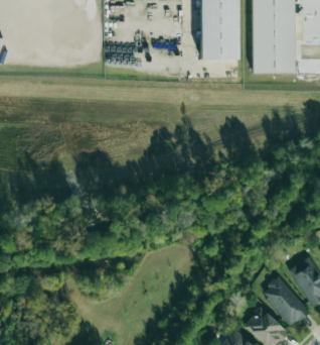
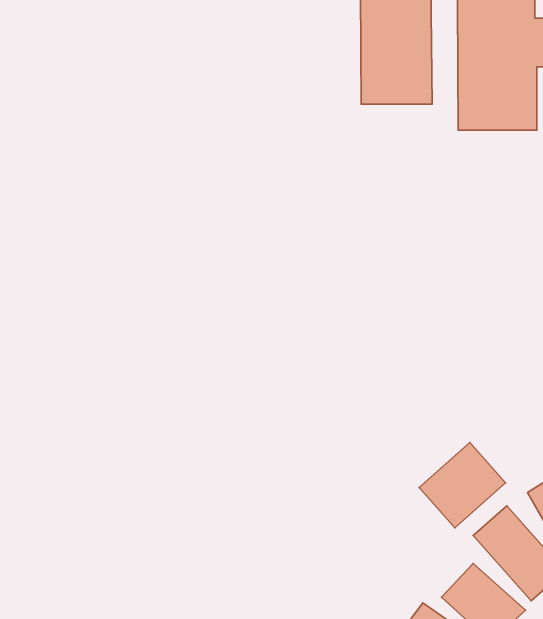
building: none -> [419,443,505,528]

